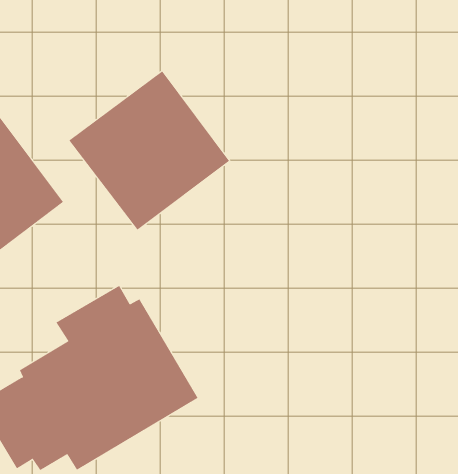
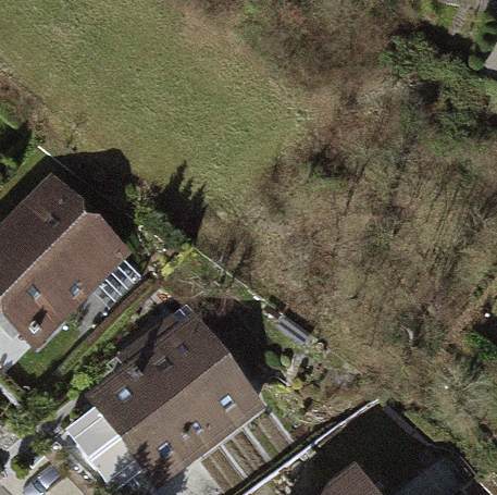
building: [68,70,230,231] -> none

